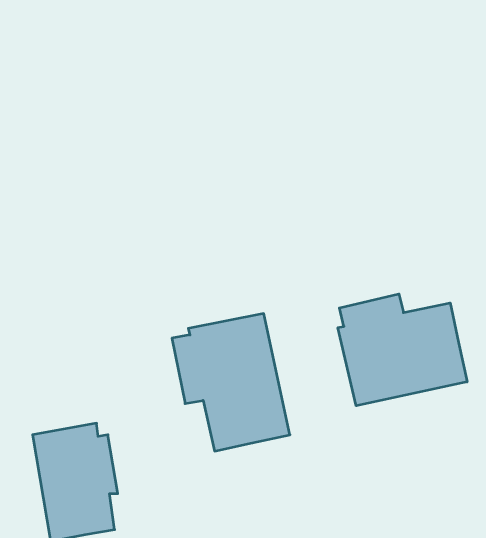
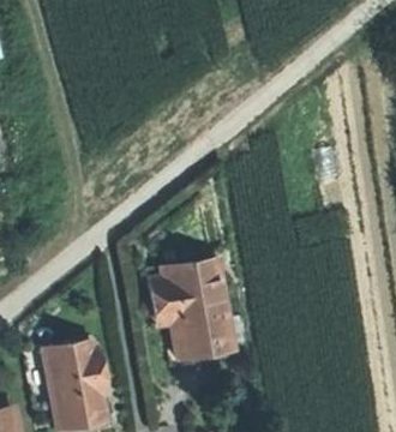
building: [338,294,467,406] -> none

